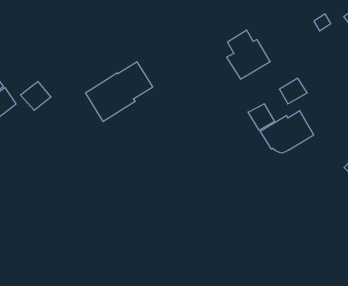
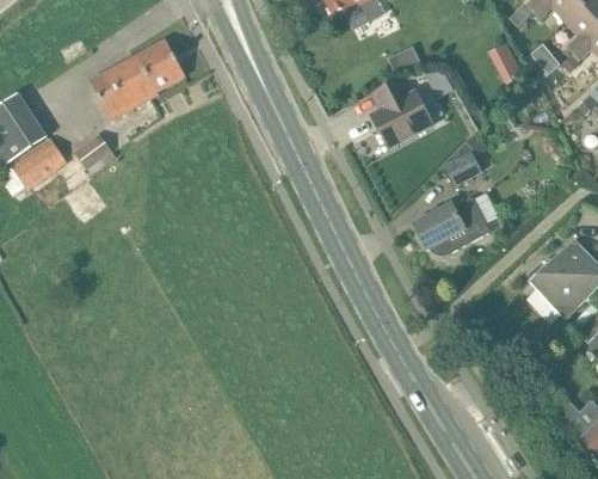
building: [85,62,153,121] -> [88,38,185,121]
building: [248,104,275,130] -> none

